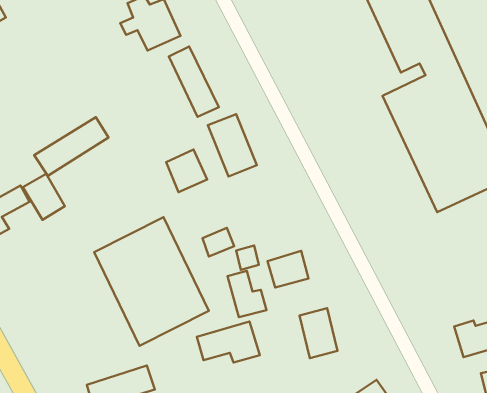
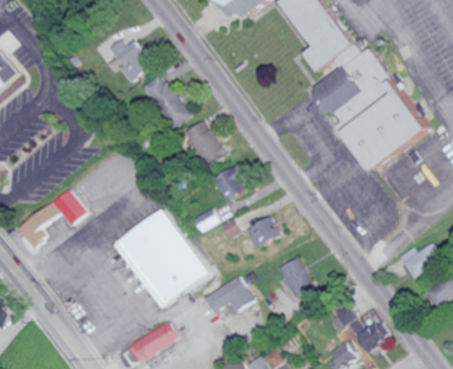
building: [34,117,108,176] -> none
building: [166,150,207,192] -> [214,165,247,200]
building: [228,271,267,317] -> none

